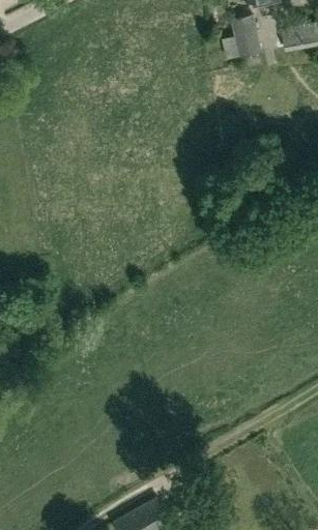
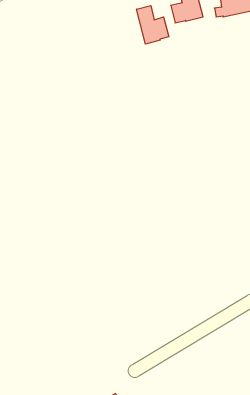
building: none -> [137,6,169,44]

